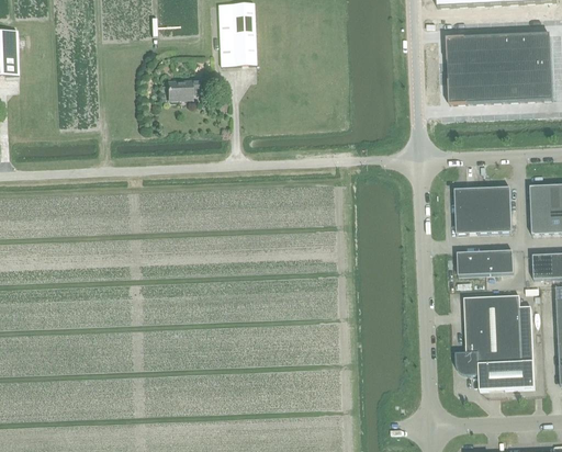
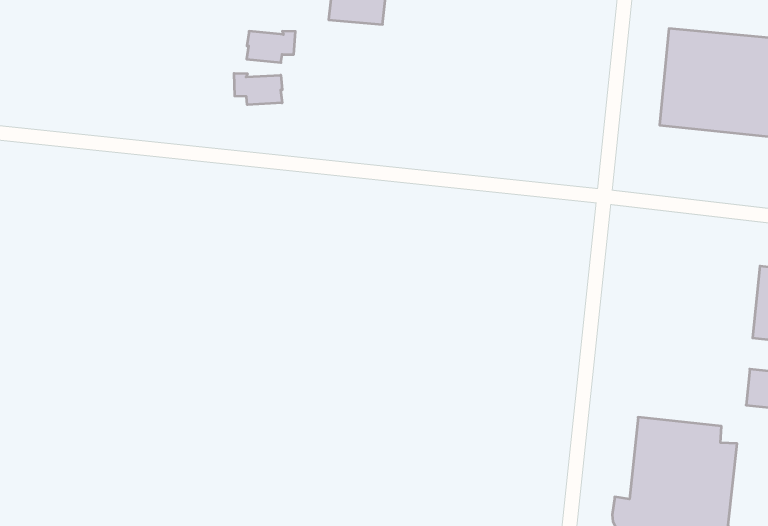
building: none -> [234,73,282,105]
building: [454,187,512,234] -> none
building: [457,250,514,274] -> none

